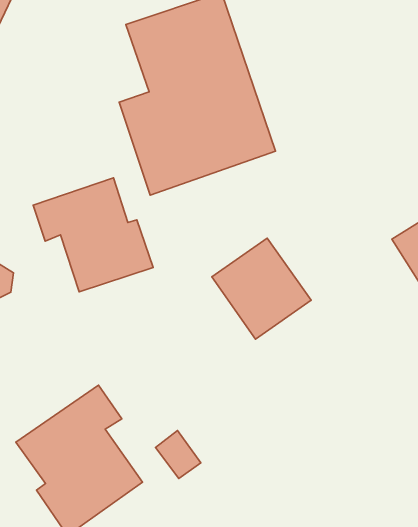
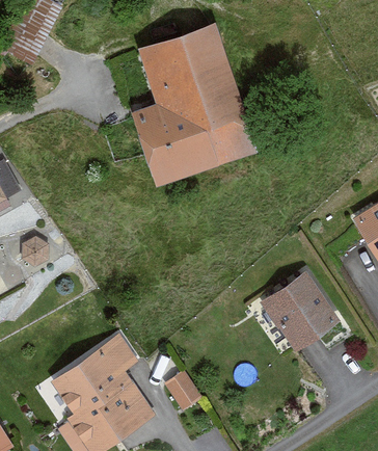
building: [33,178,153,292] -> none
building: [212,238,311,339] -> [261,270,341,351]

